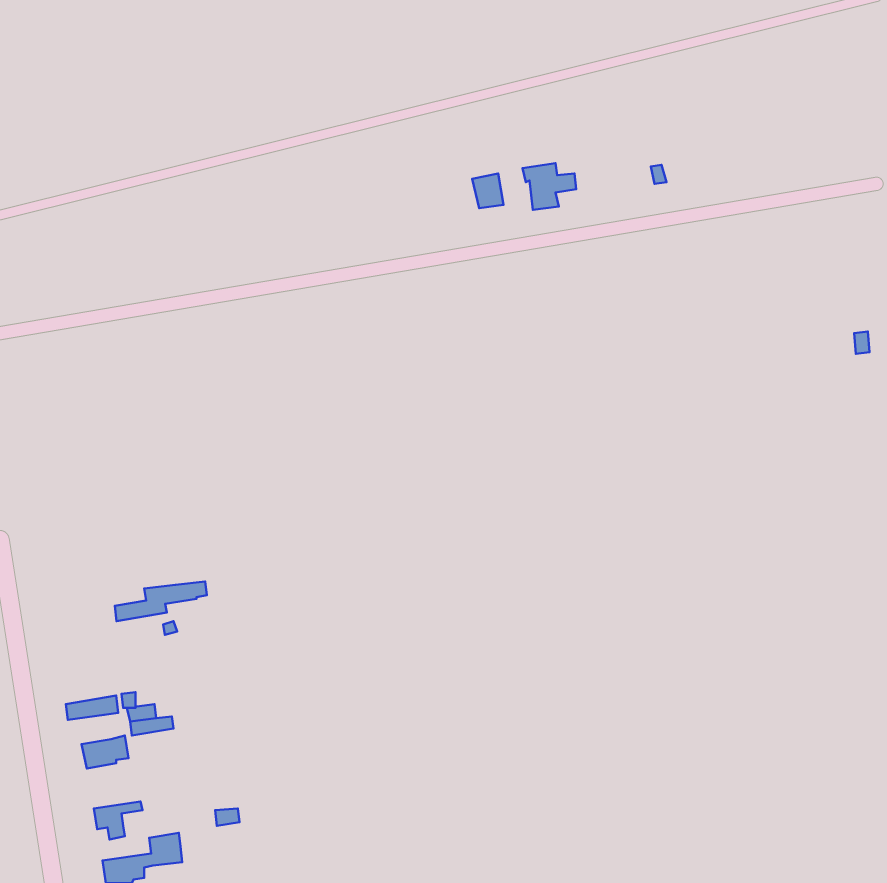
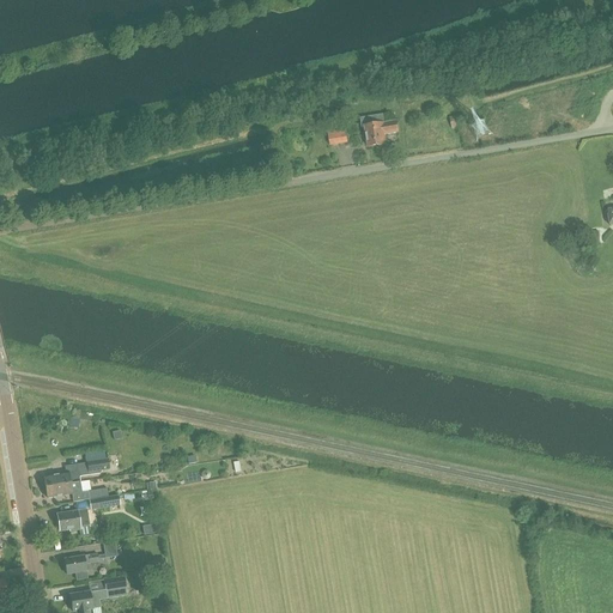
building: [115,581,207,621] -> [44,459,108,486]

